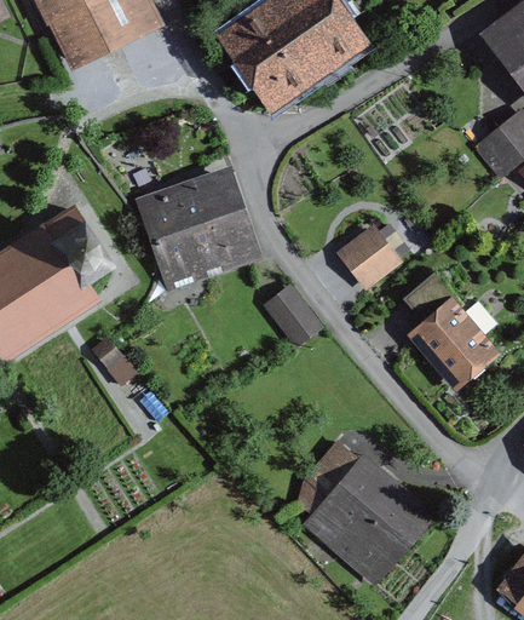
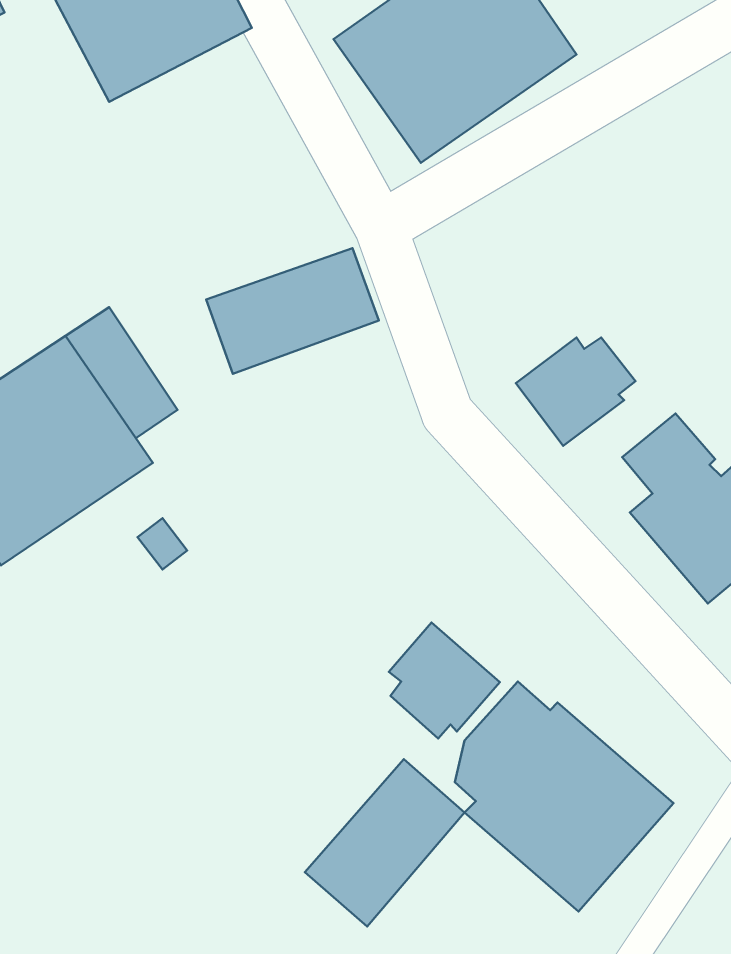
building: [154,211,264,291] -> none
building: [263,283,323,348] -> none
building: none -> [389,623,500,738]
building: none -> [305,759,464,926]

